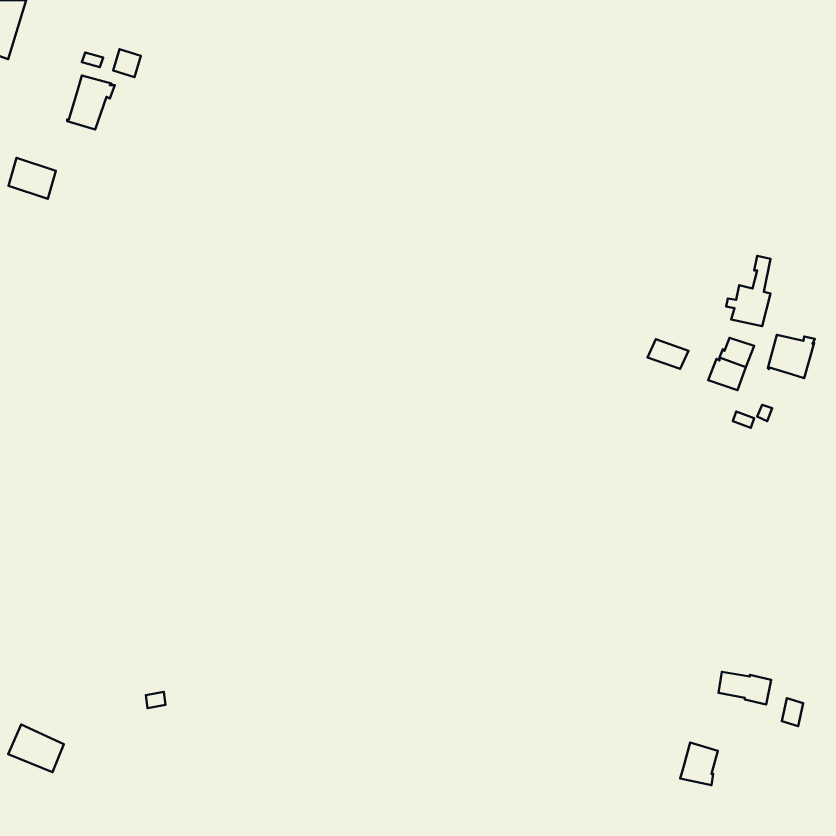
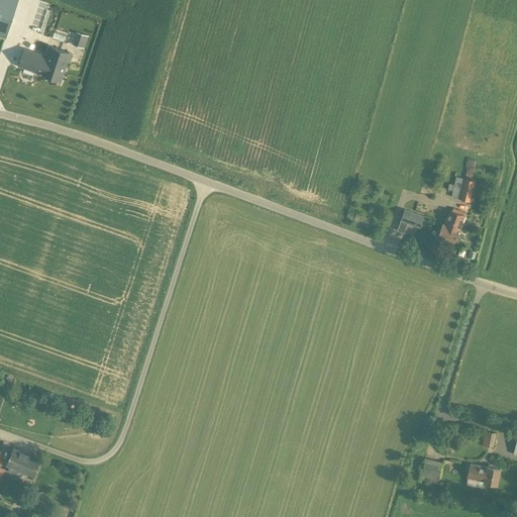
building: [8,158,56,199] -> [18,49,47,75]
building: [768,335,815,378] -> none
building: [719,672,771,704] -> [467,464,499,485]

